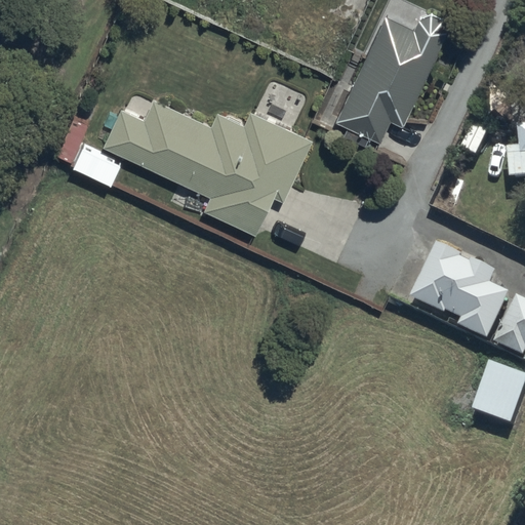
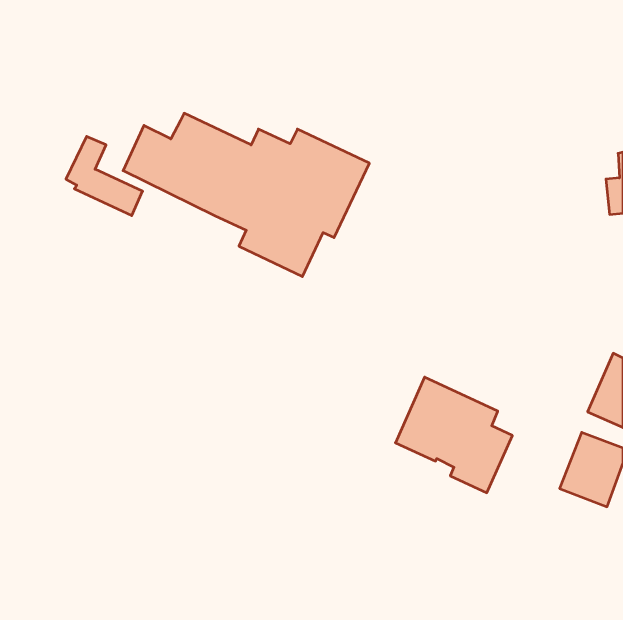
building: [335,13,447,139] -> none
building: [411,247,510,345] -> [395,377,512,493]

